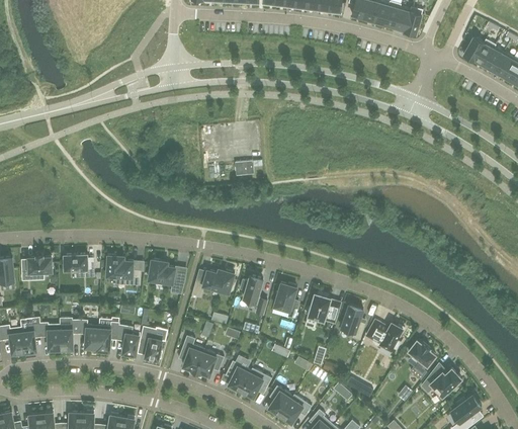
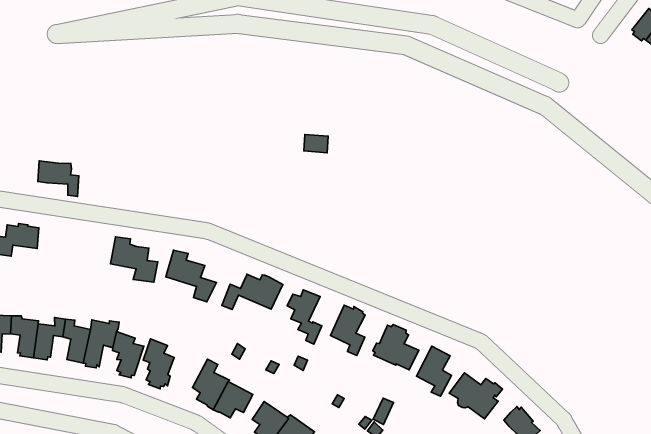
building: [63,254,94,277] -> [38,161,79,196]

